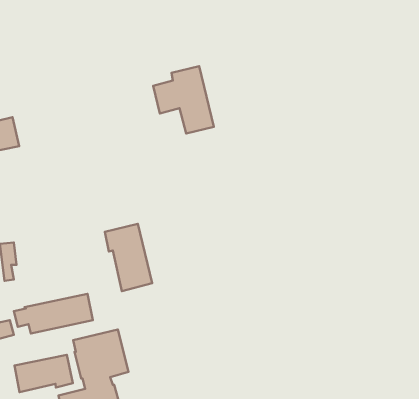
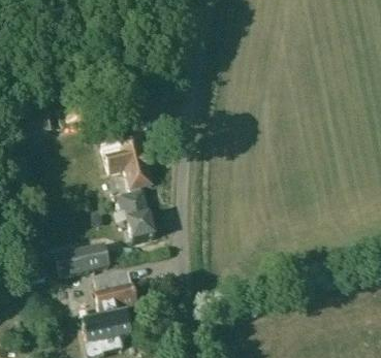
building: [153,66,214,133] -> [103,135,151,188]
building: [15,355,73,392] -> none

